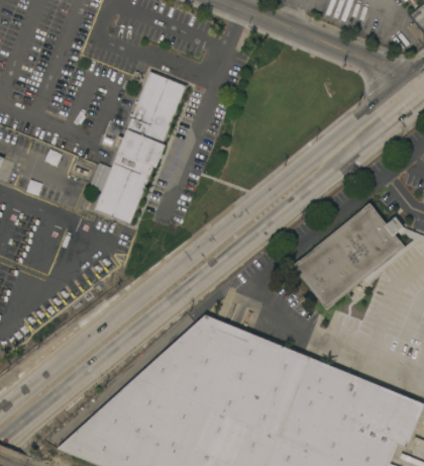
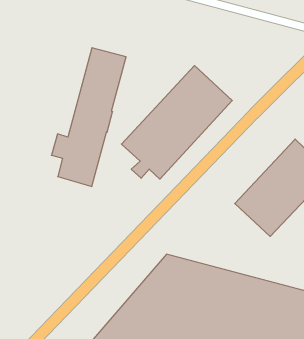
building: none -> [121,66,232,179]

